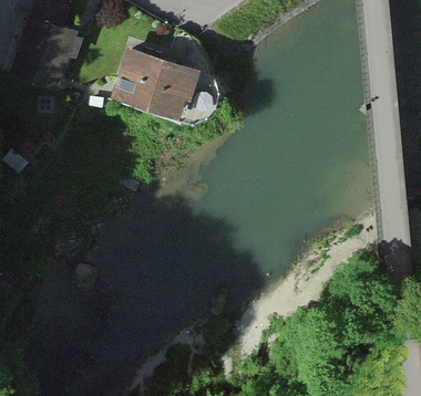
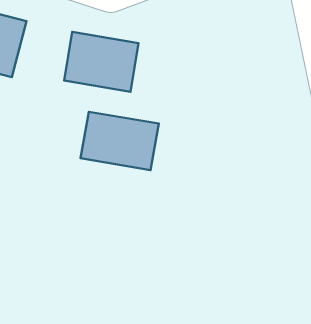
building: none -> [81,112,159,170]

